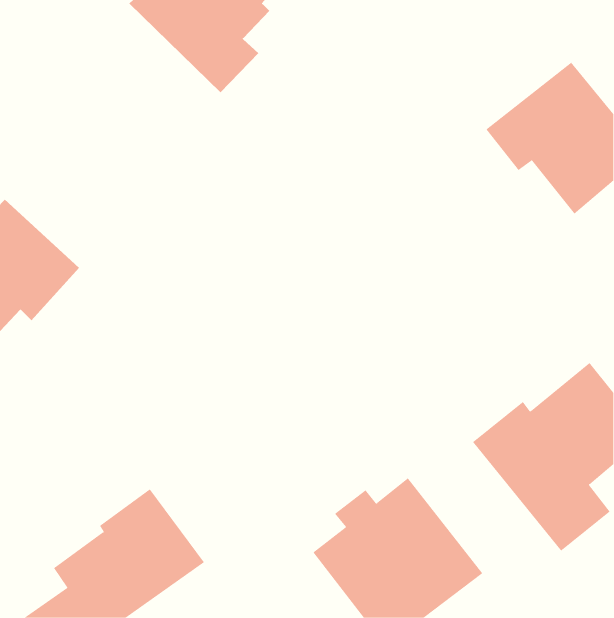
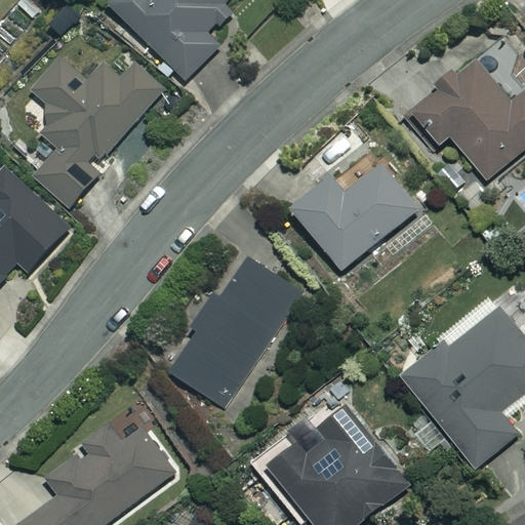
building: none -> [28,53,160,206]
building: none -> [292,158,418,270]
building: none -> [166,256,298,406]

